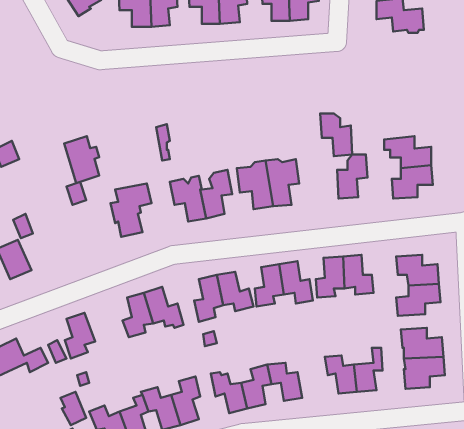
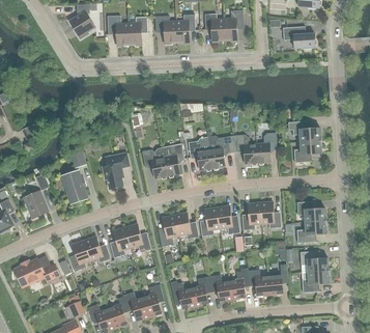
building: [320,113,352,156] -> [235,134,257,163]
building: [64,136,99,183] -> [62,170,86,202]
building: none -> [84,234,111,261]
building: none -> [229,267,250,298]

